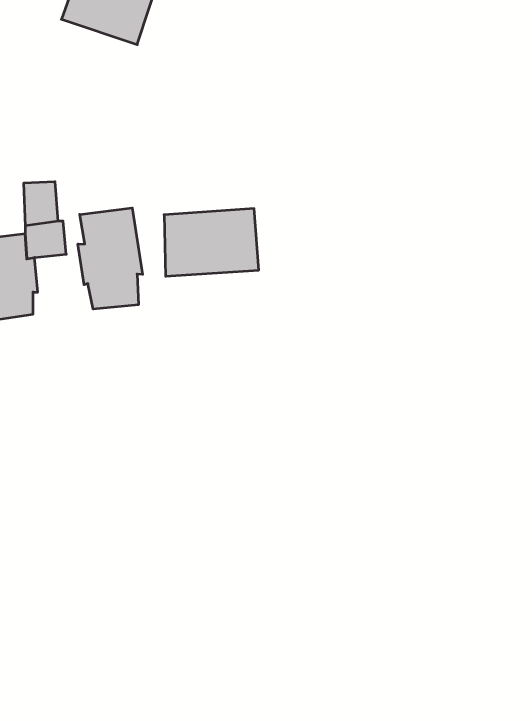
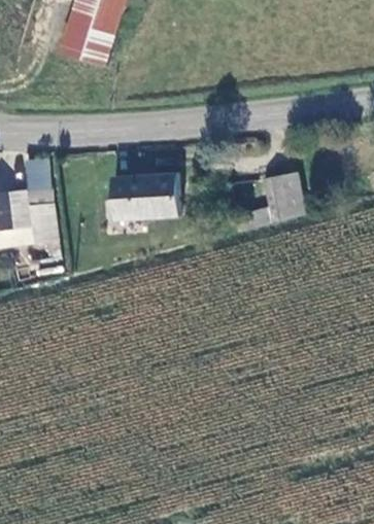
building: none -> [237,172,305,230]
building: [78,208,143,309] -> none

